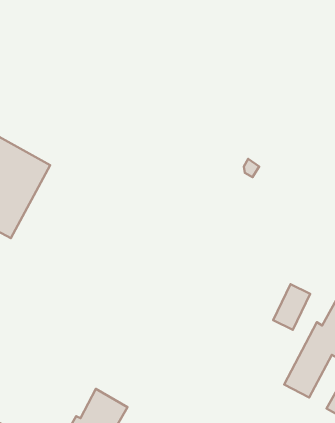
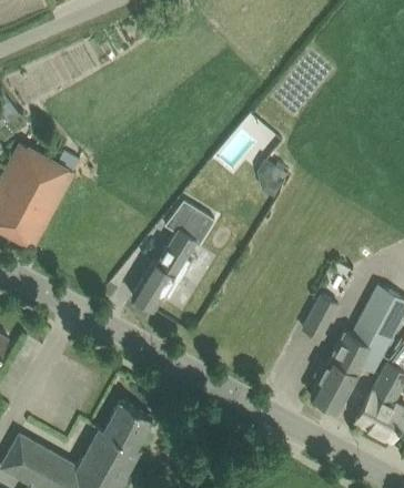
building: none -> [130,202,213,311]

